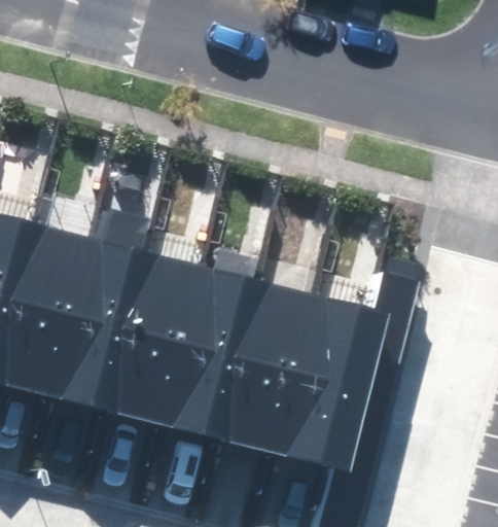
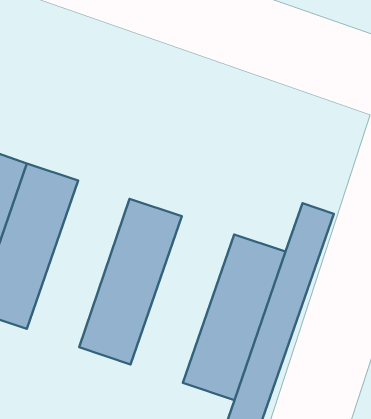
building: [92,246,187,421] -> none
building: [204,274,300,449] -> none

